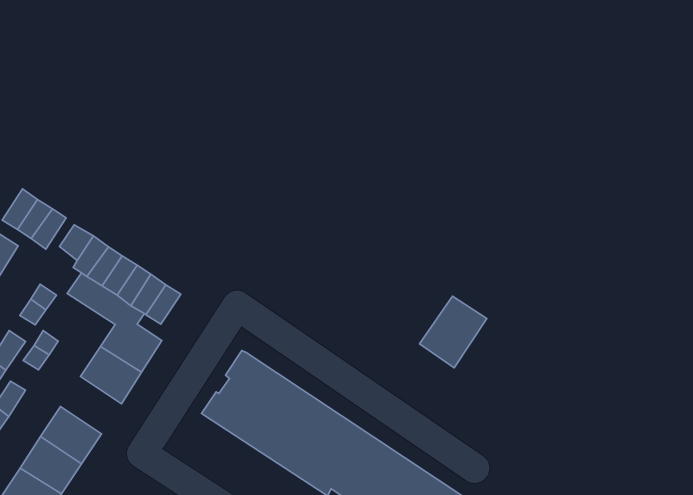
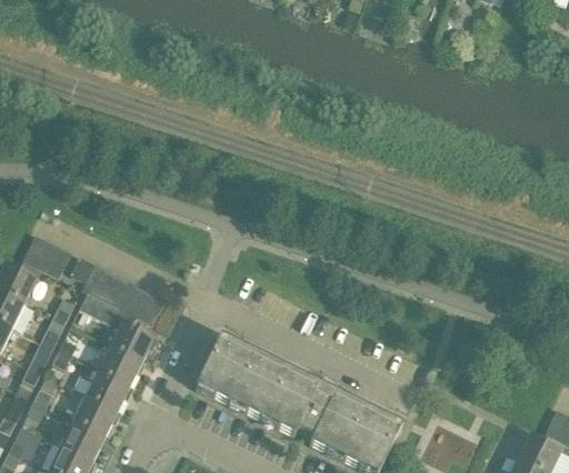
building: [419,296,487,368] -> none
building: none -> [84,370,130,411]

